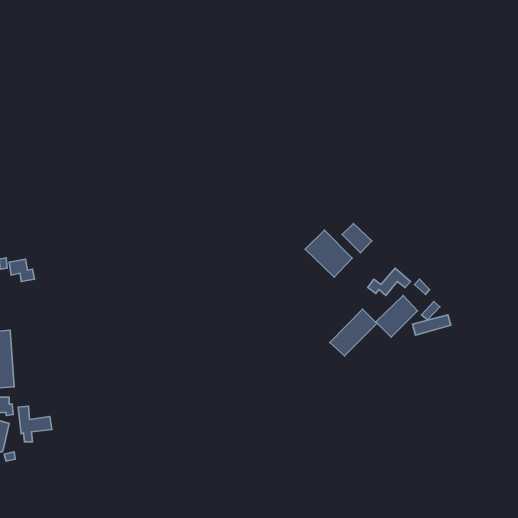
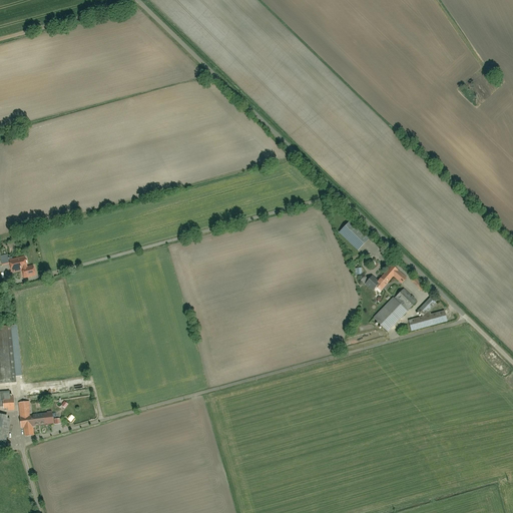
building: [305,230,352,277] -> none
building: [330,309,377,356] -> none

